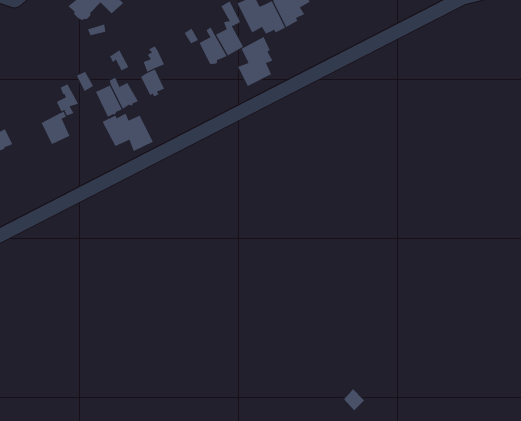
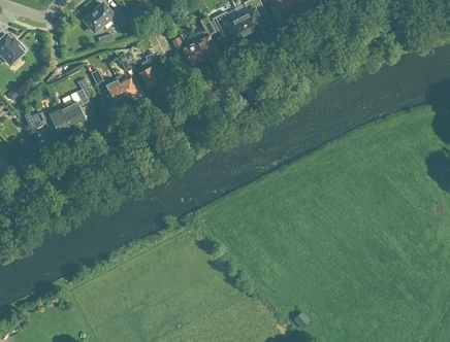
building: [237,36,273,87] -> none
building: [102,113,153,152] -> none
building: none -> [42,107,71,133]

